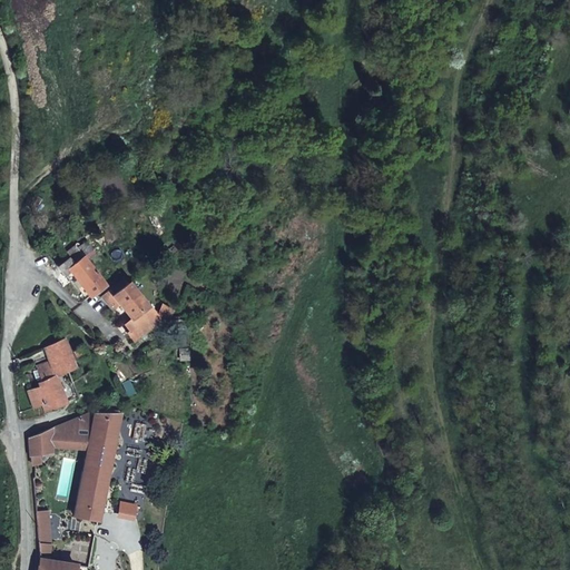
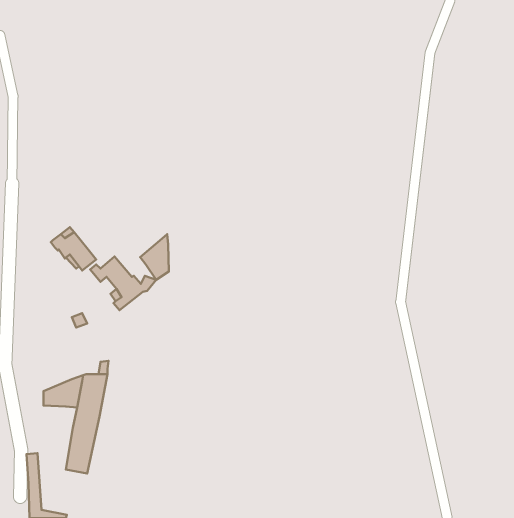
building: none -> [140,234,169,280]
building: [31,335,88,412] -> none
building: [31,430,52,461] -> none

